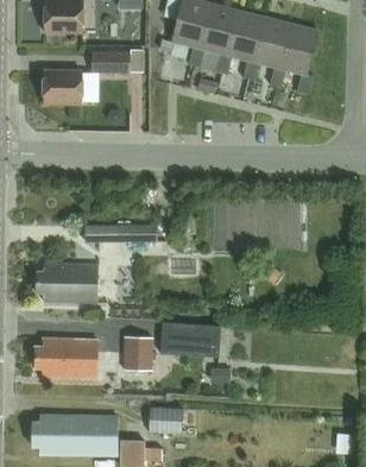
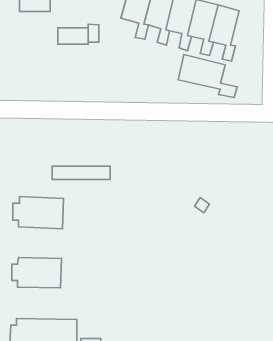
building: [43,70,82,103] -> none
building: none -> [178,55,237,98]
building: [160,321,221,356] -> none
building: [122,336,153,371] -> none
building: [149,408,183,434] -> none

